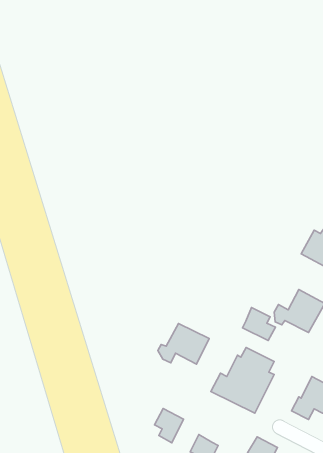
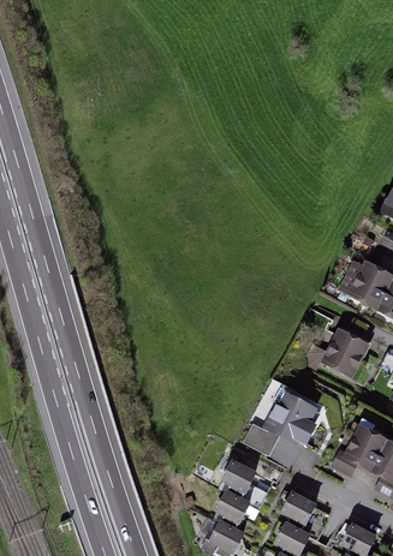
building: [243,308,276,341] -> none
building: [158,324,209,364] -> none
building: [154,409,184,443] -> [222,460,255,498]

